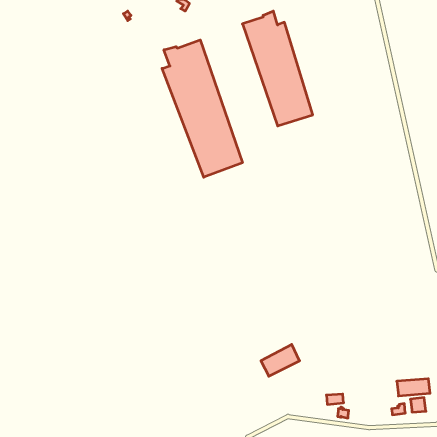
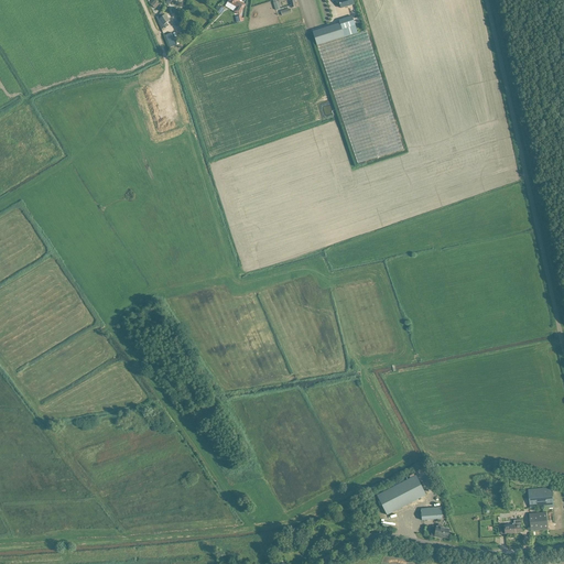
building: [162,40,242,177] -> none
building: [261,344,300,376] -> [376,474,425,514]

